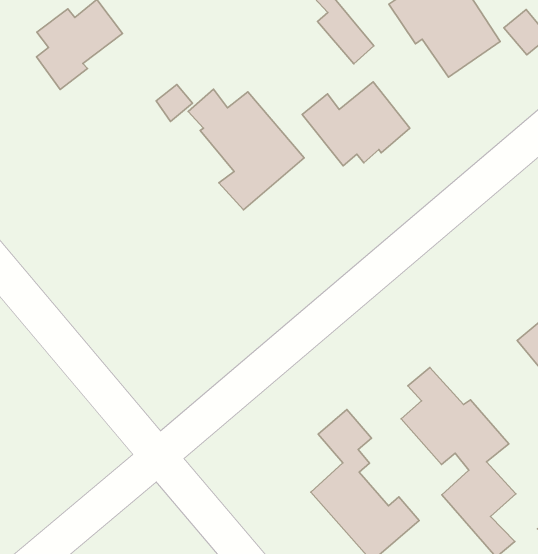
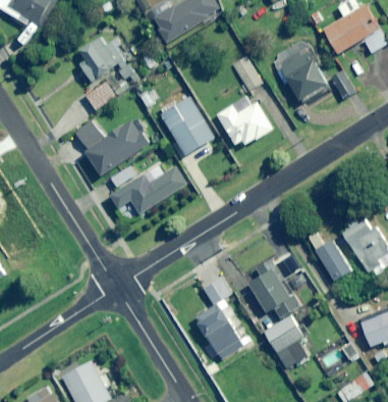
building: none -> [85,82,113,110]
building: none -> [86,118,152,175]
building: none -> [74,119,103,146]
building: none -> [109,164,185,221]

